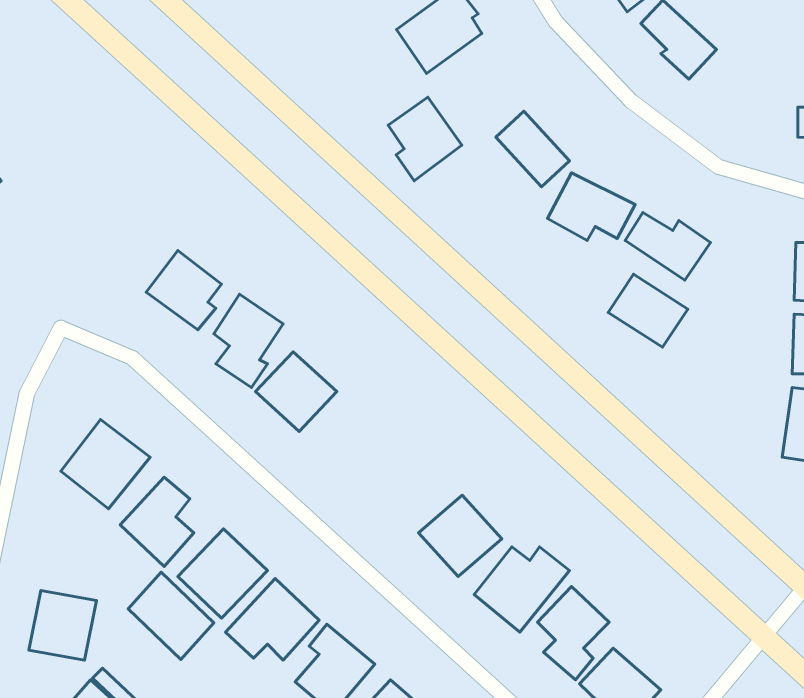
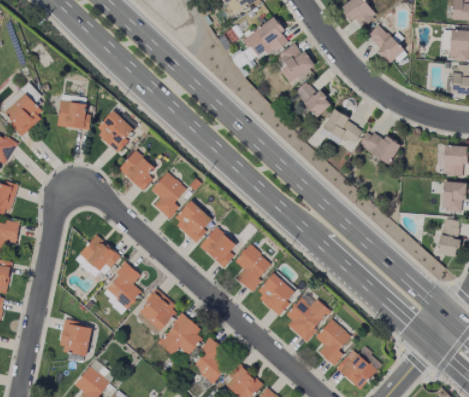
building: [388,97,462,181] -> [277,42,314,84]
building: none -> [58,101,90,130]
building: none -> [95,110,136,152]
building: [608,274,688,347] -> none
building: none -> [200,227,237,268]
building: none -> [235,244,273,291]
building: [128,572,214,659] -> none

